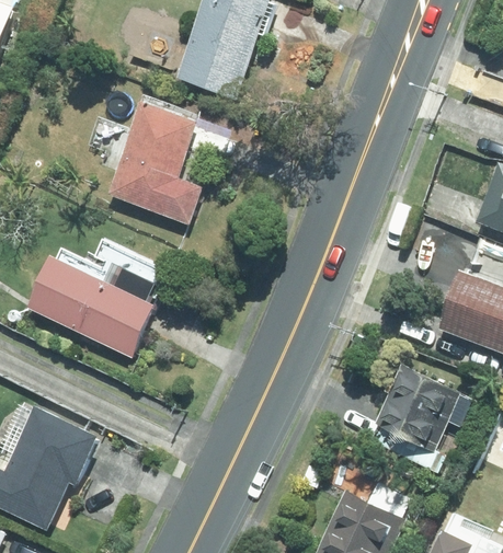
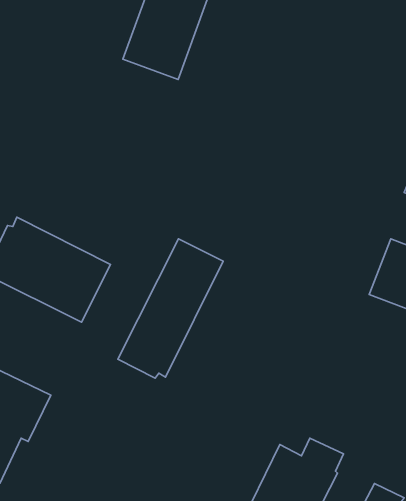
building: [105,101,202,226] -> none
building: none -> [118,239,223,378]
building: [371,365,472,473] -> none

